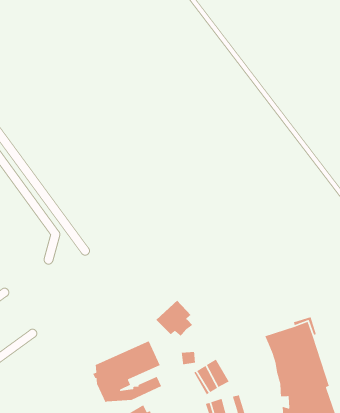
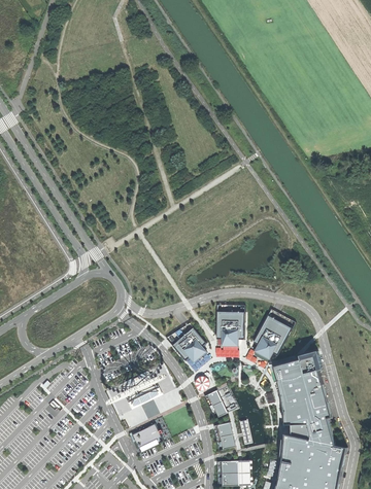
building: none -> [215,311,243,347]
building: none -> [252,315,292,359]

